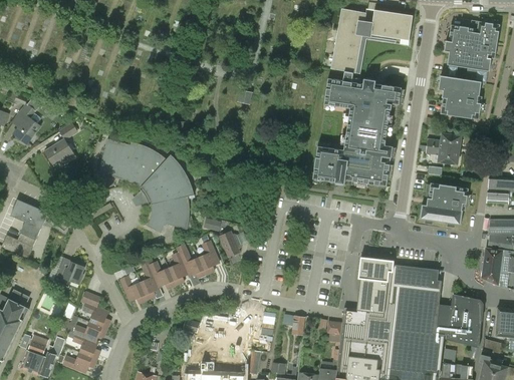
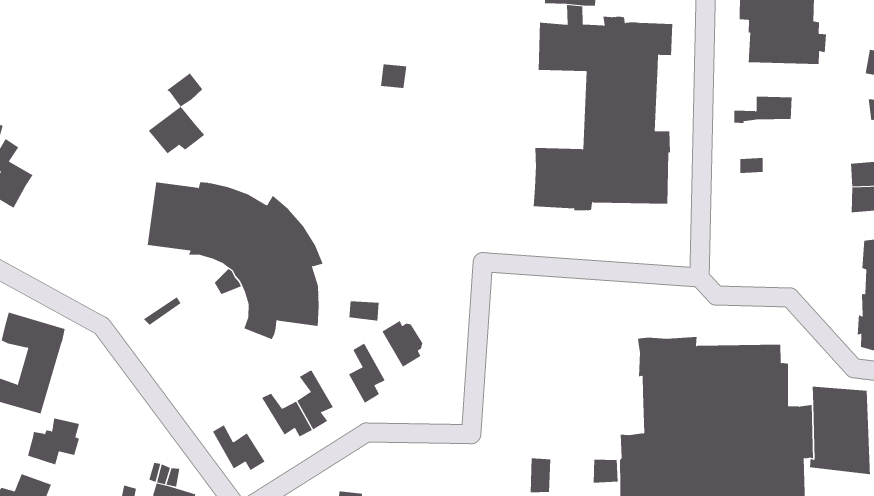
building: [44,121,77,164] -> [148,73,205,154]
building: [426,145,459,163] -> none
building: [419,182,470,224] -> none
building: [177,243,206,277] -> none
building: [140,260,161,299] -> none
building: [53,262,84,288] -> [27,418,80,465]

